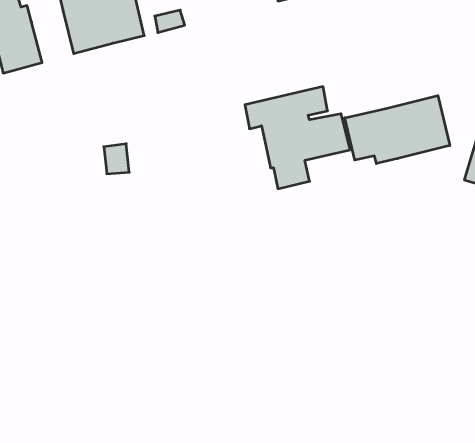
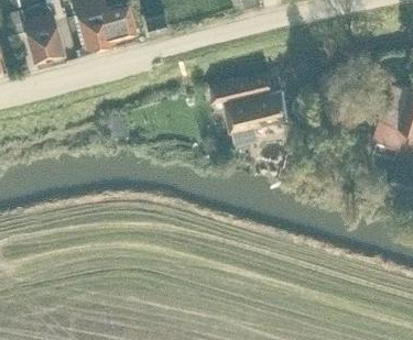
building: [345,96,450,164] -> none

